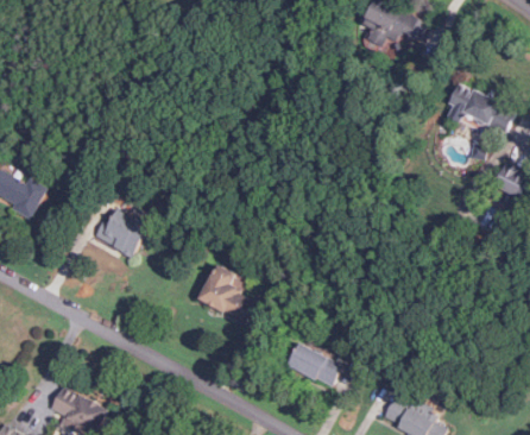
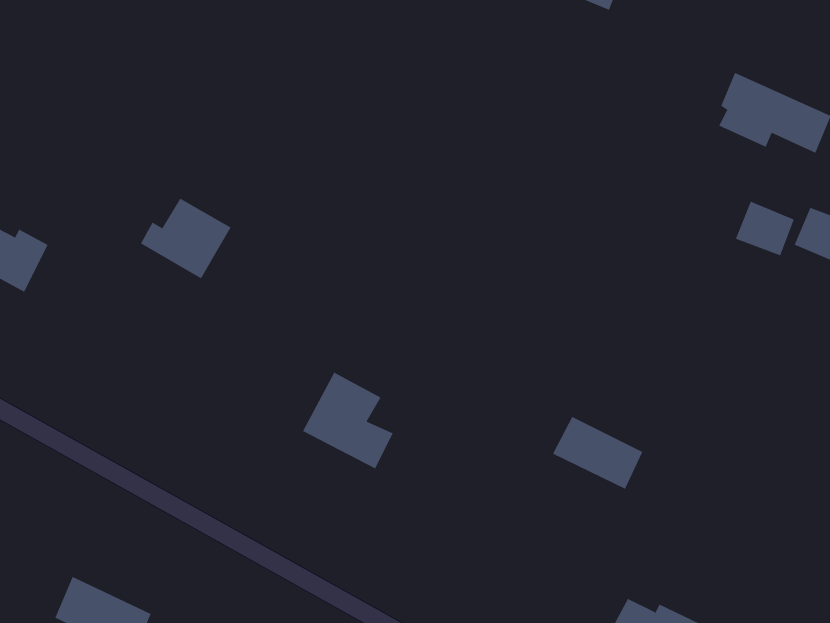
building: none -> [735,201,795,256]
building: [93,208,147,257] -> [140,198,231,279]
building: [286,342,341,386] -> [552,416,643,490]

